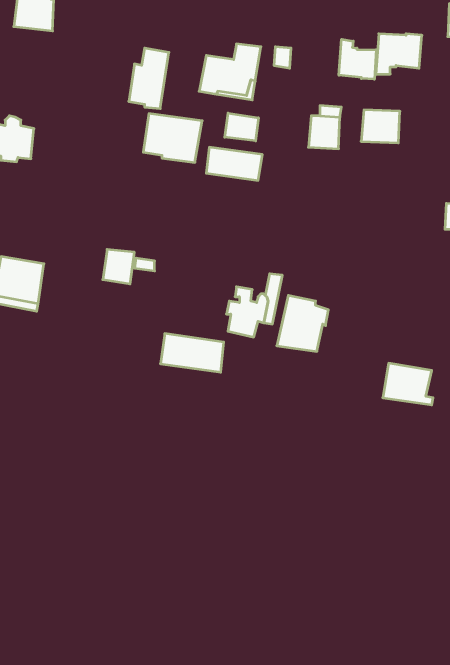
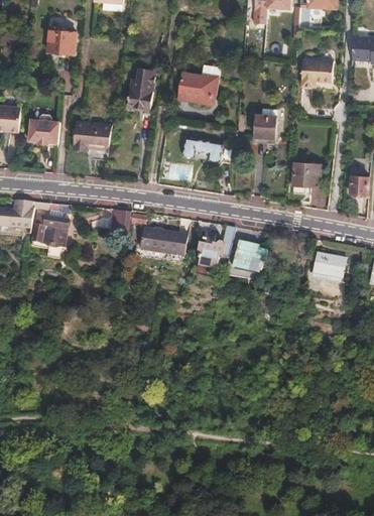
building: [339,39,376,79] -> none
building: [361,110,400,143] -> [292,162,320,185]
building: [225,113,258,141] -> none
building: [143,114,202,162] -> [71,119,112,153]
building: [160,334,224,372] -> [139,228,183,255]
building: [383,363,433,405] -> [311,253,347,282]

